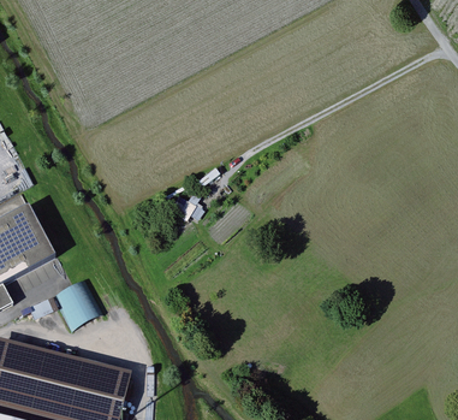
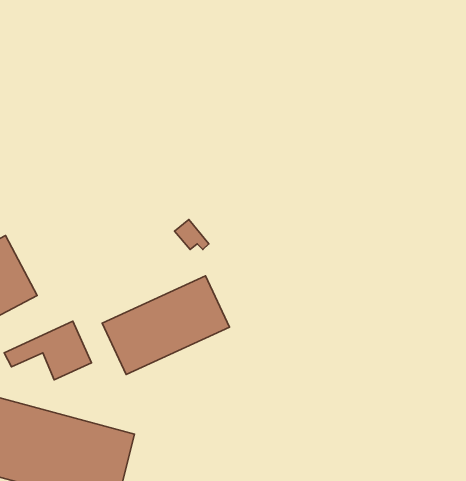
building: none -> [102,276,229,375]

